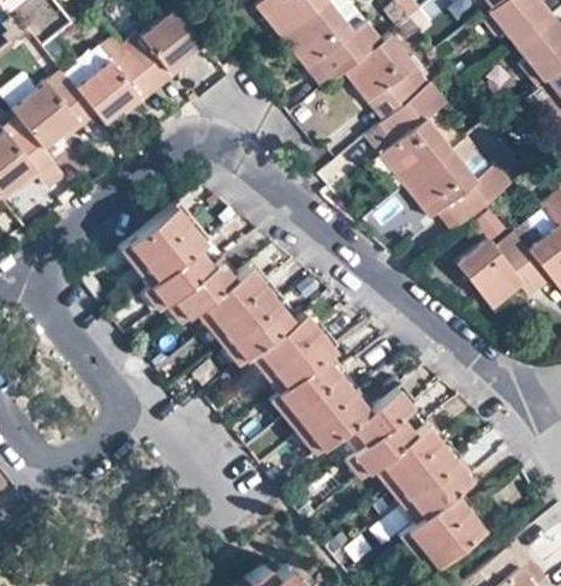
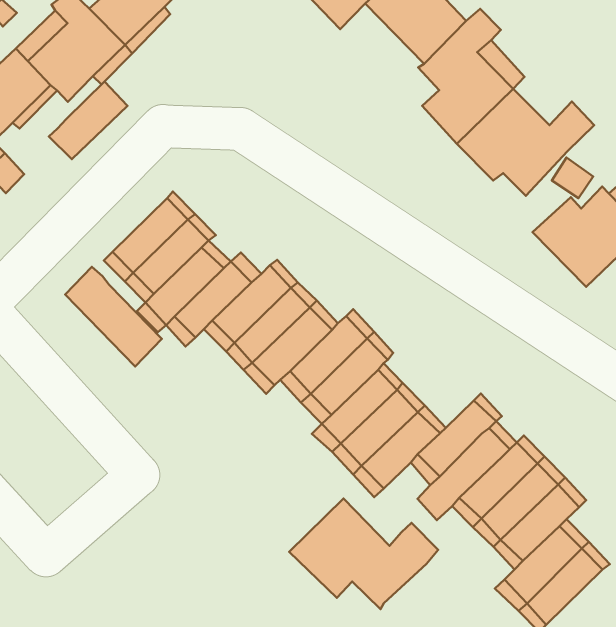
building: none -> [49,82,127,159]
building: none -> [65,267,162,366]
building: none -> [289,499,438,609]

